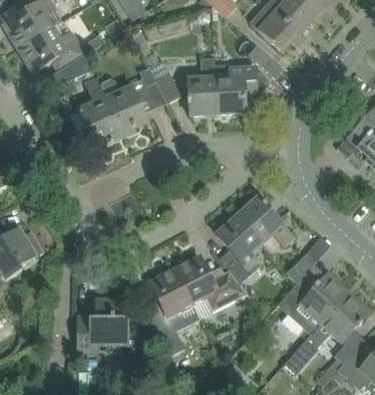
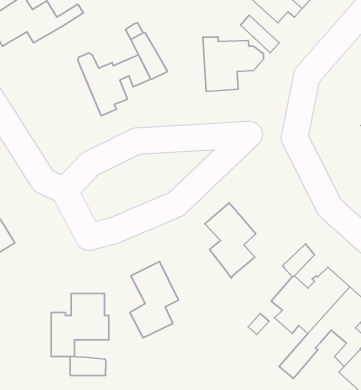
building: [46,54,93,86] -> none
building: [185,56,217,115] -> none
building: [70,76,121,145] -> none
building: [238,197,293,244] -> none
building: [174,255,247,318] -> none
building: none -> [70,357,106,376]

